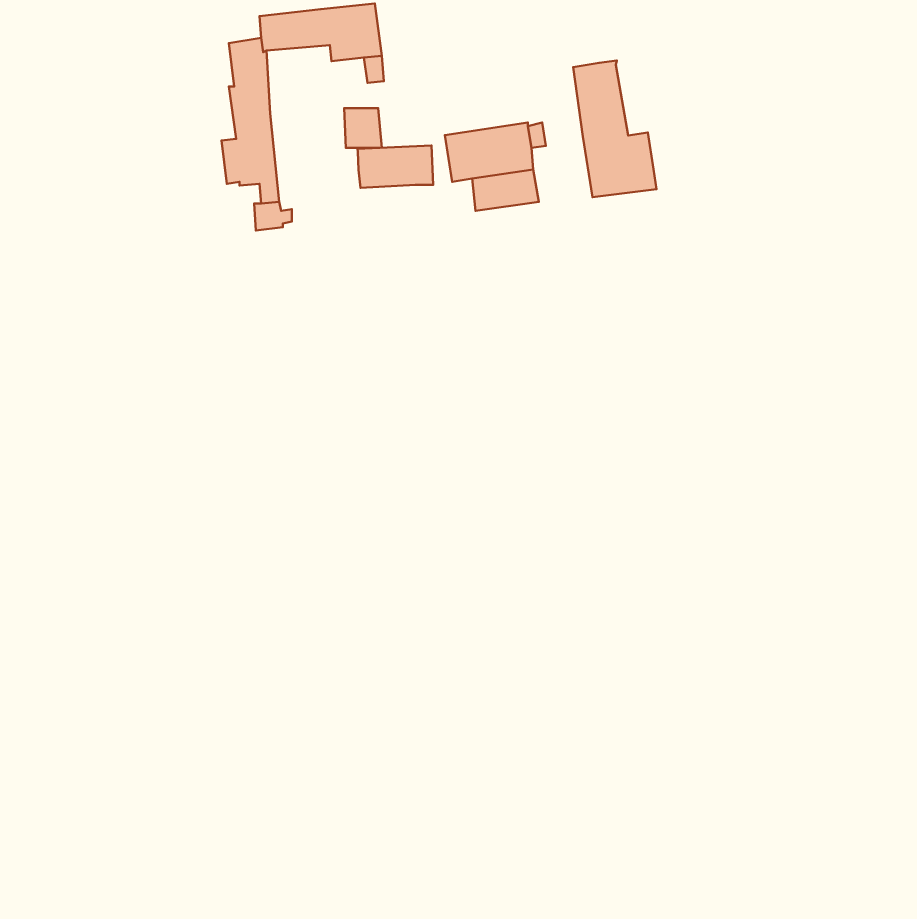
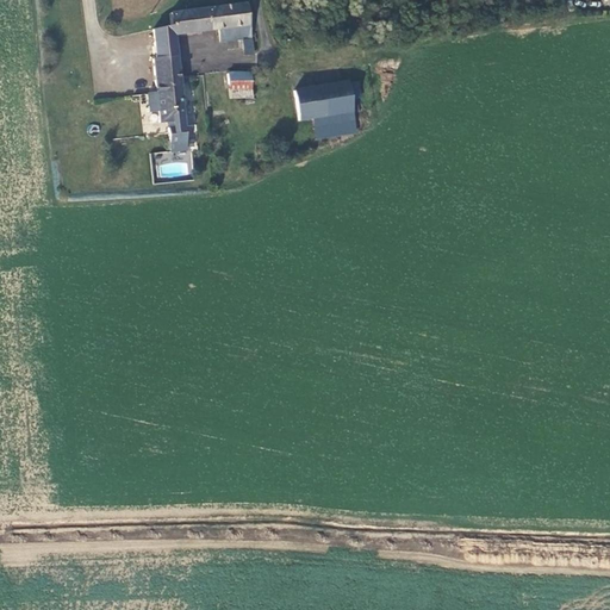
building: [573,60,657,197] -> none
building: [357,146,433,188] -> none

